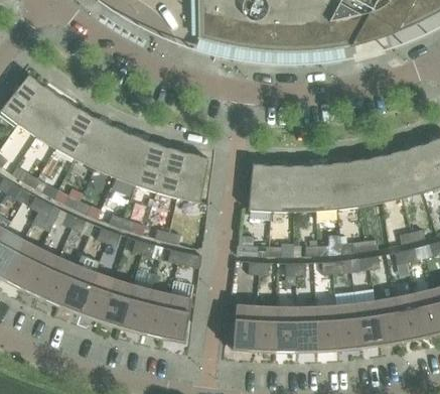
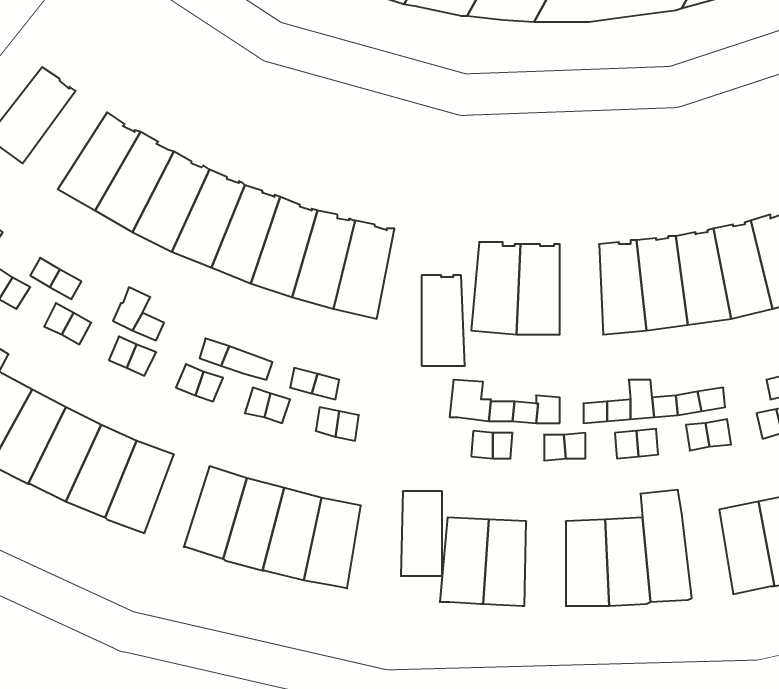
building: [18,87,61,137] -> none
building: [293,165,315,212] -> [422,275,465,366]
building: [81,273,114,320] -> none
building: [355,301,382,347] -> none
building: [275,307,296,351] -> [401,491,442,576]

